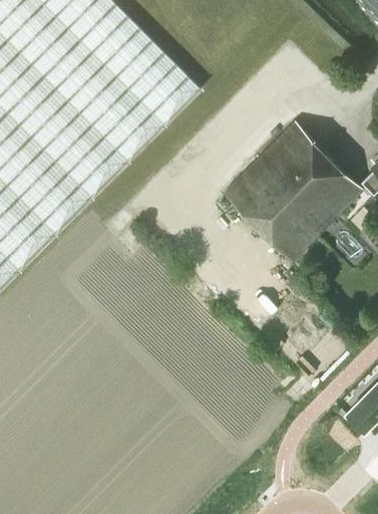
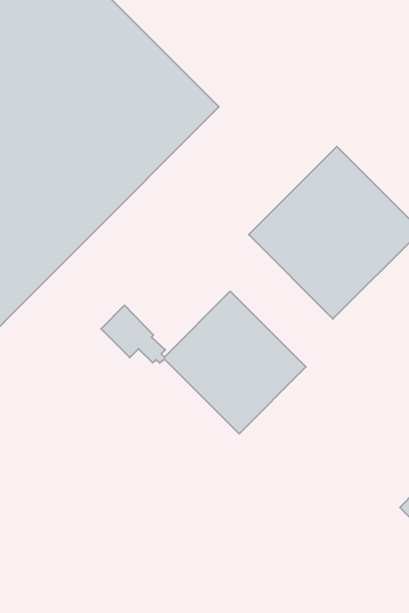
building: none -> [101,291,306,434]

